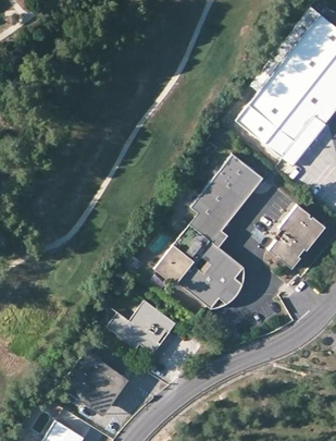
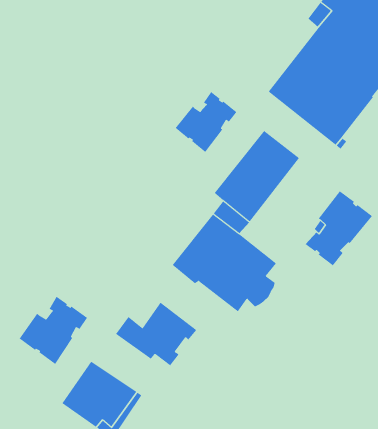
building: none -> [175,91,237,153]
building: none -> [19,296,88,365]

